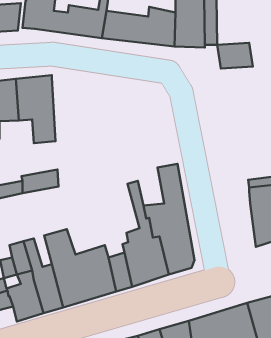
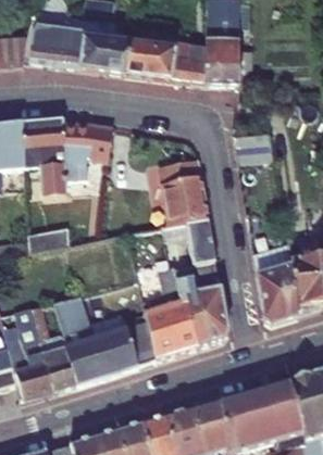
building: [217,43,253,68] -> [232,135,273,164]
building: none -> [62,121,114,180]
building: none -> [158,160,207,227]
building: none -> [252,251,297,323]

